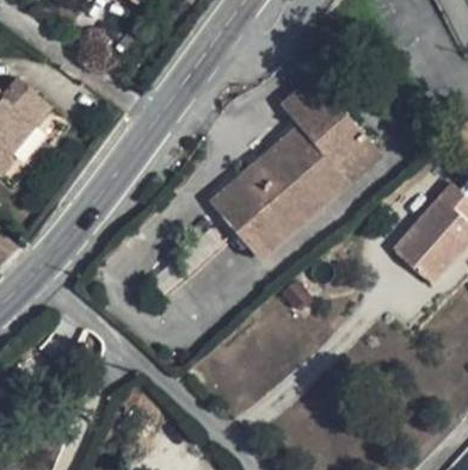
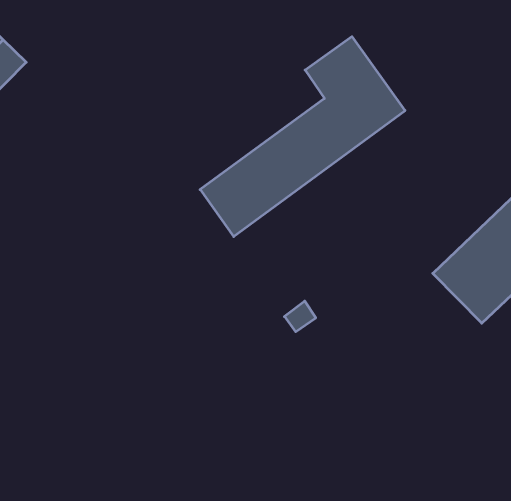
building: [236,128,381,261] -> none

